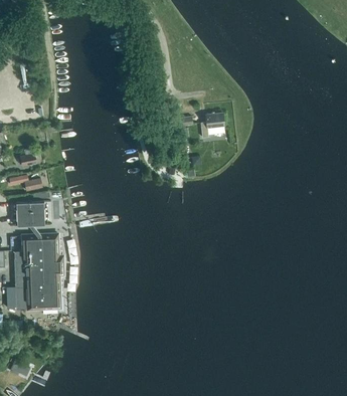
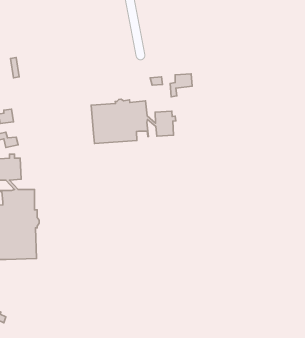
building: none -> [91,99,176,143]

